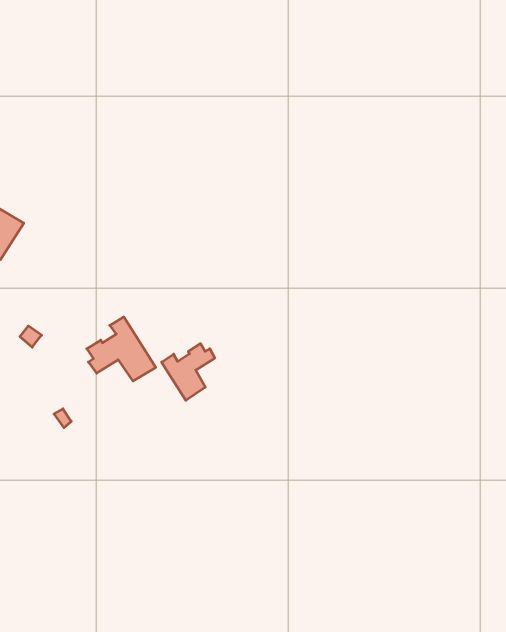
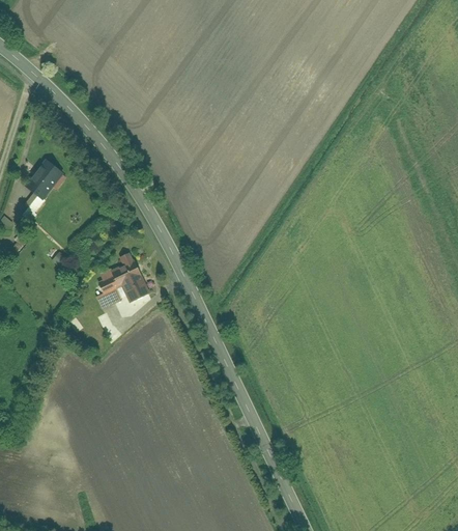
building: [162,344,215,400] -> none

